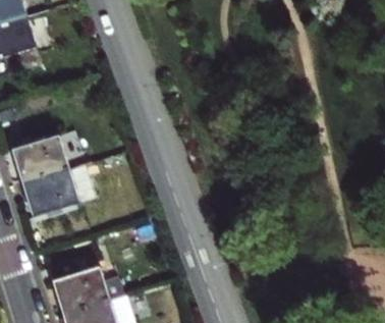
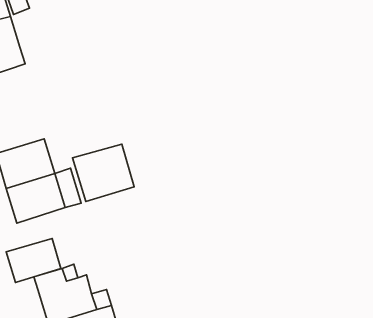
building: none -> [73,144,134,201]
building: none -> [6,239,61,282]

